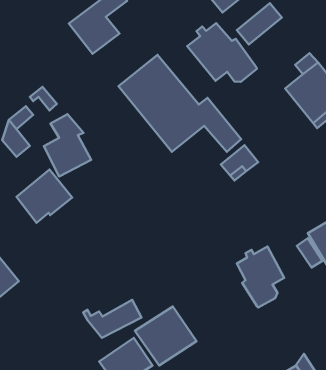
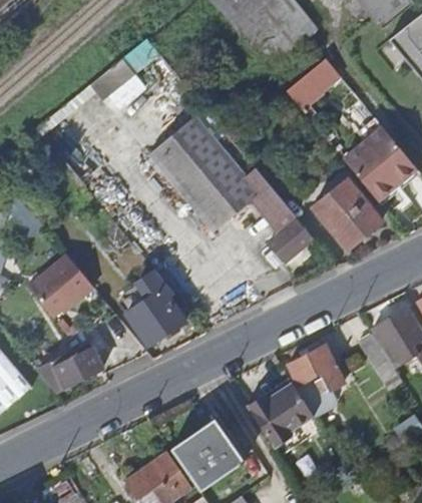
building: [187,23,257,82] -> none
building: none -> [312,180,381,252]
building: [44,114,91,177] -> [127,271,183,345]
building: none -> [247,382,313,447]
building: [83,300,141,338] -> [32,347,101,392]

